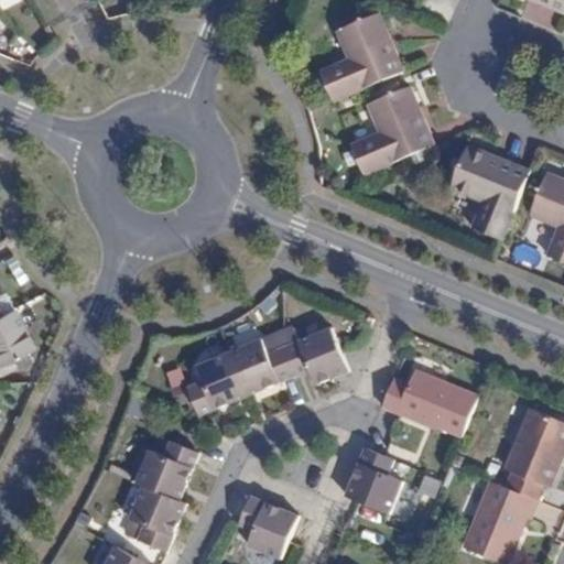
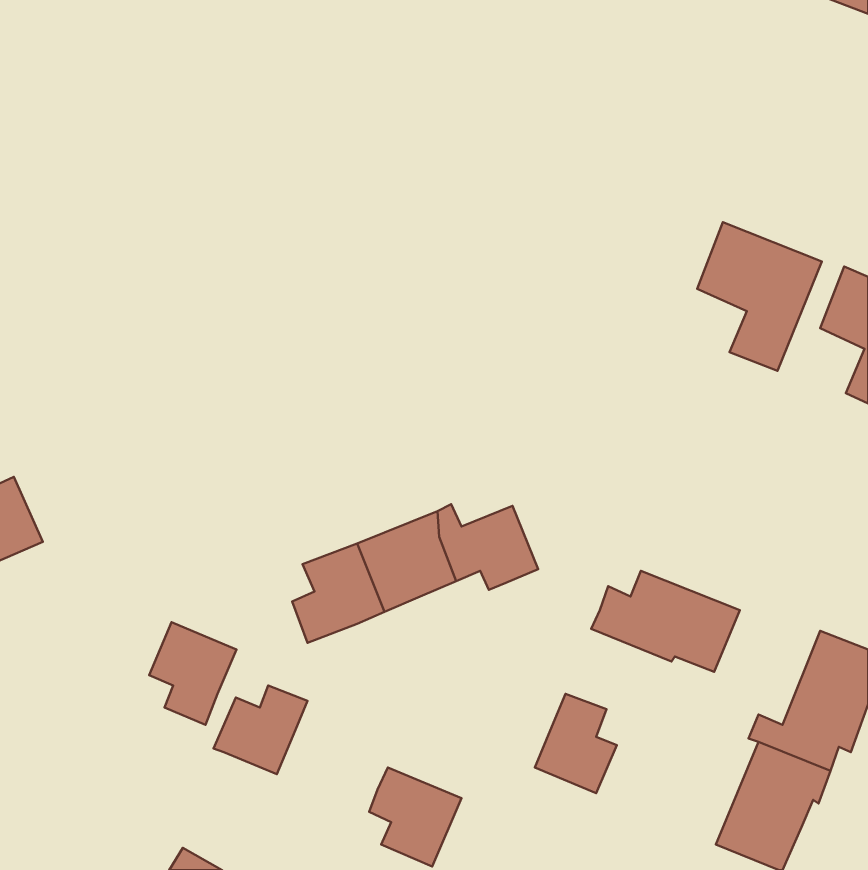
building: [318,11,401,101] -> none
building: [348,86,431,176] -> none
building: [130,485,186,551] -> [149,622,236,725]

